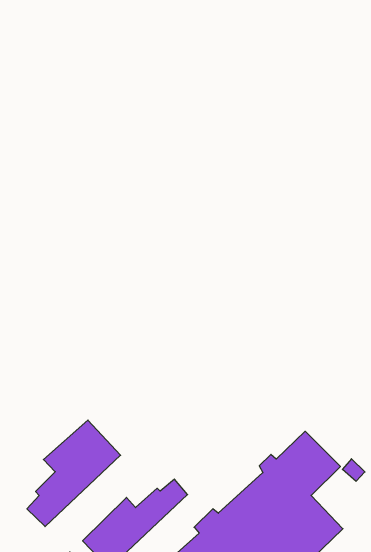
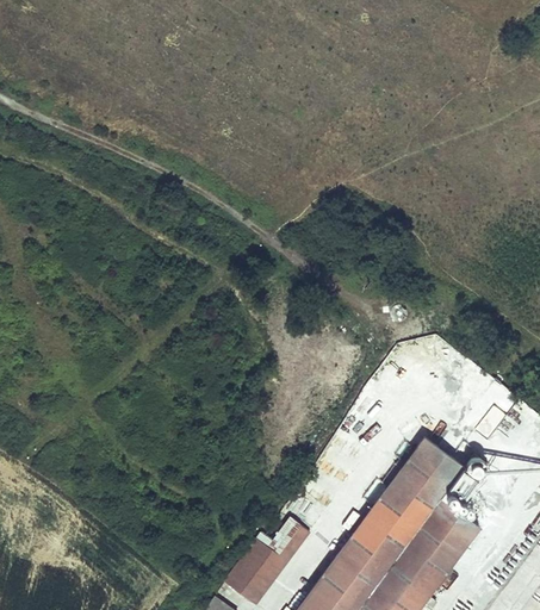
building: [27,420,121,527] -> none

